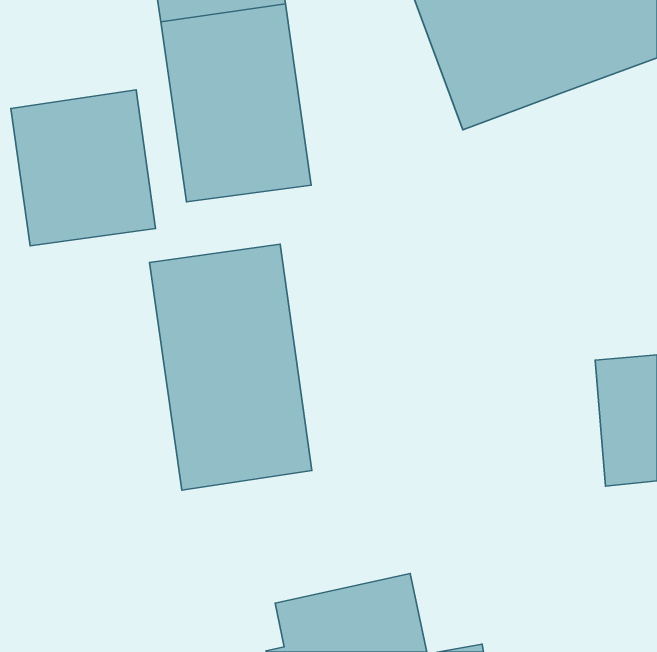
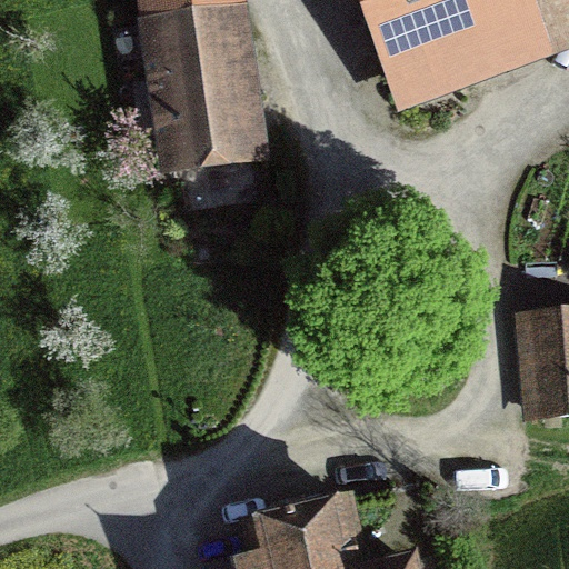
building: [11,90,156,246] -> none
building: [150,244,312,490] -> none

